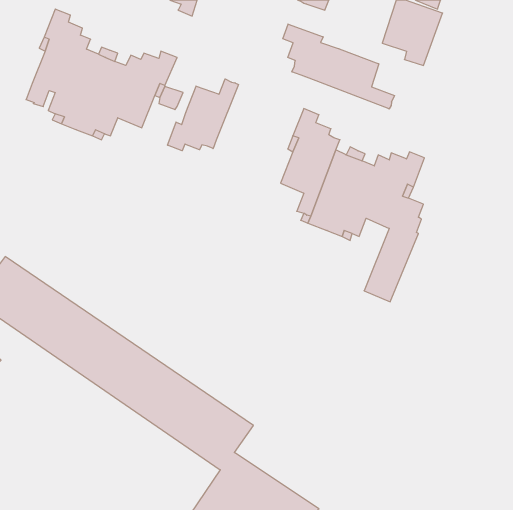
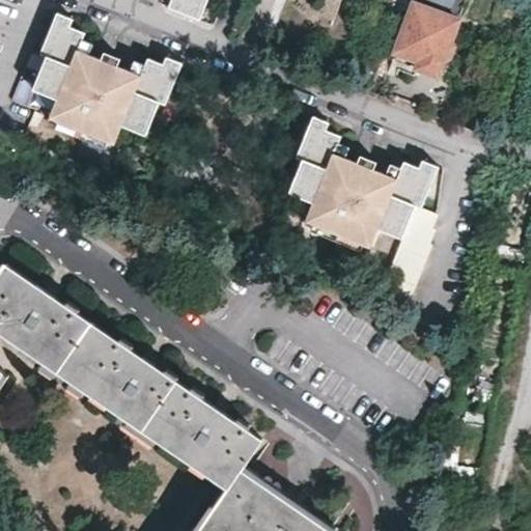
building: [283,24,395,109] -> none
building: [168,79,238,151] -> none

